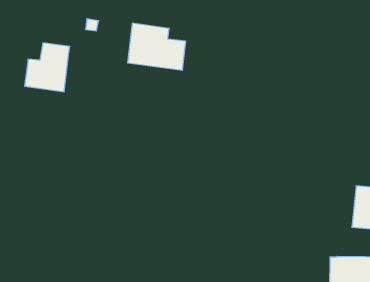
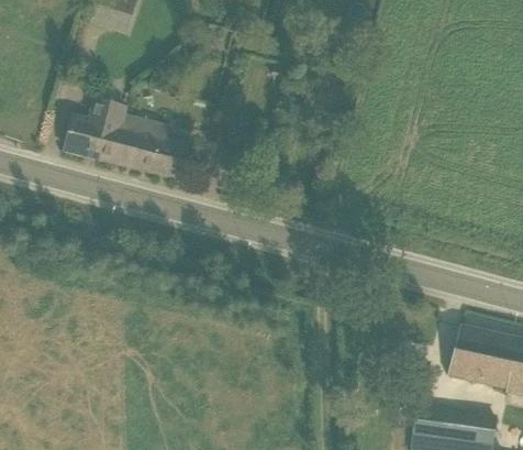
building: [128,23,186,70] -> [113,114,189,180]

